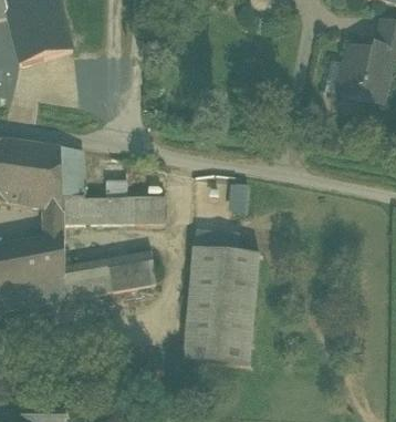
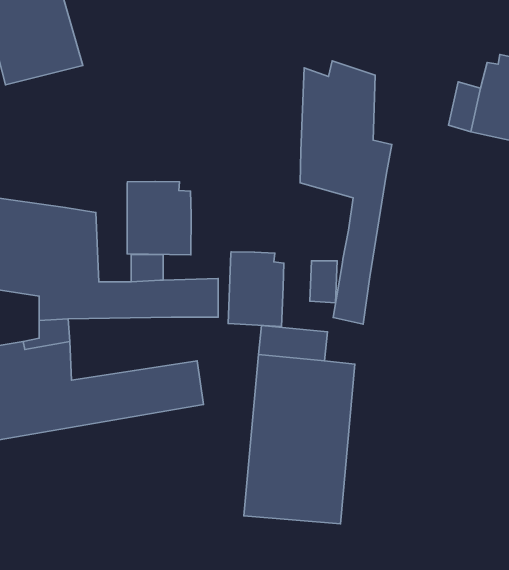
building: none -> [300,61,392,324]
building: none -> [127,181,191,255]
building: none -> [228,252,284,326]

